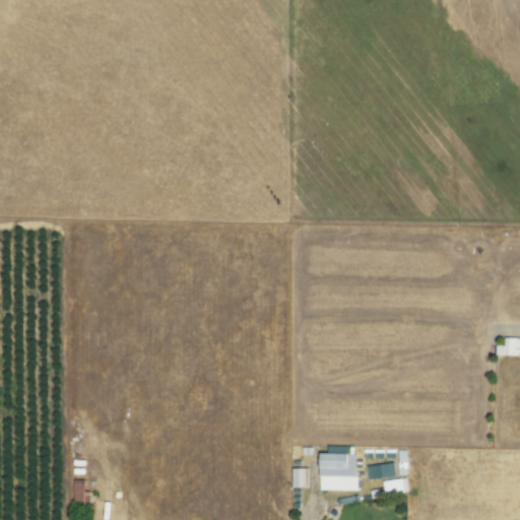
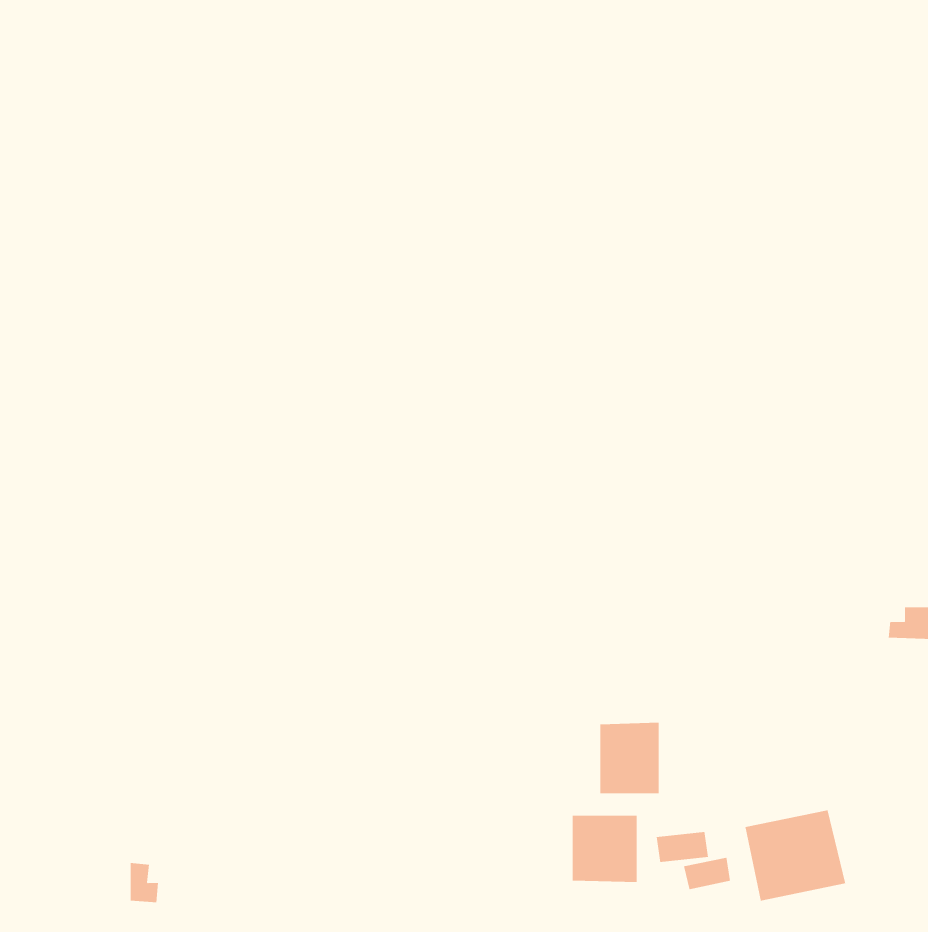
building: none -> [600,722,659,794]
building: none -> [745,809,846,902]

